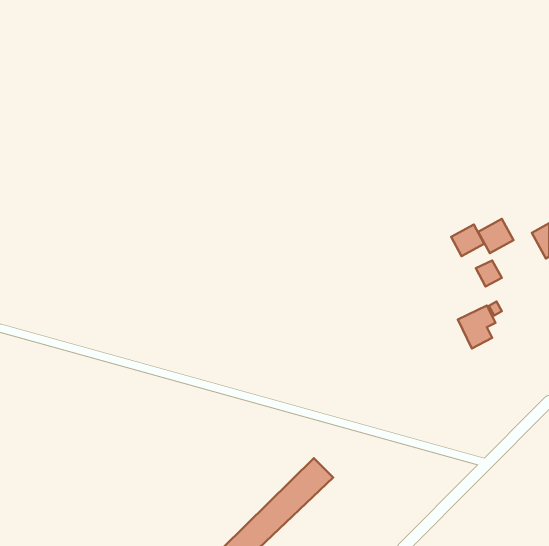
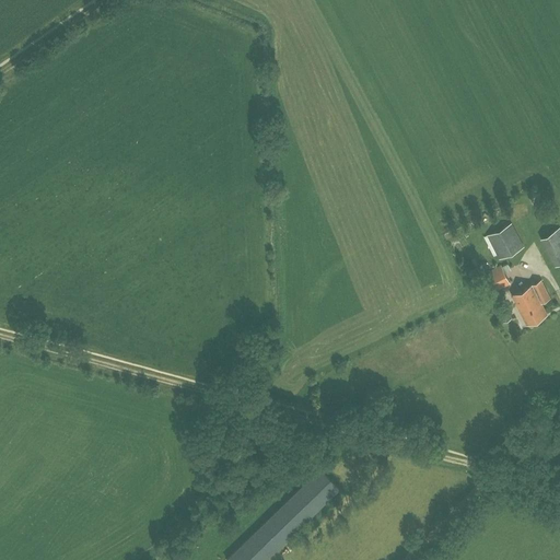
building: [451,224,484,256] -> none
building: [458,306,495,349] -> [512,282,550,326]

